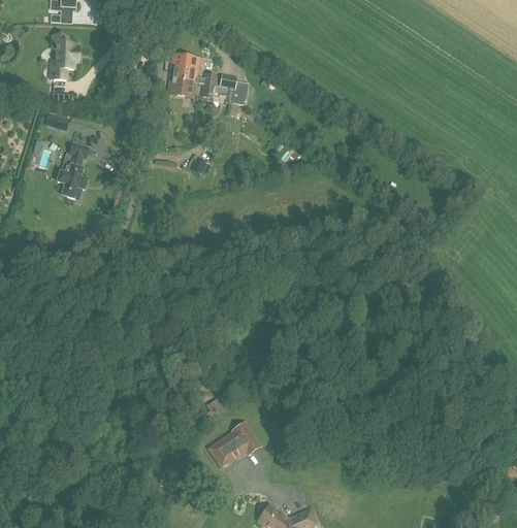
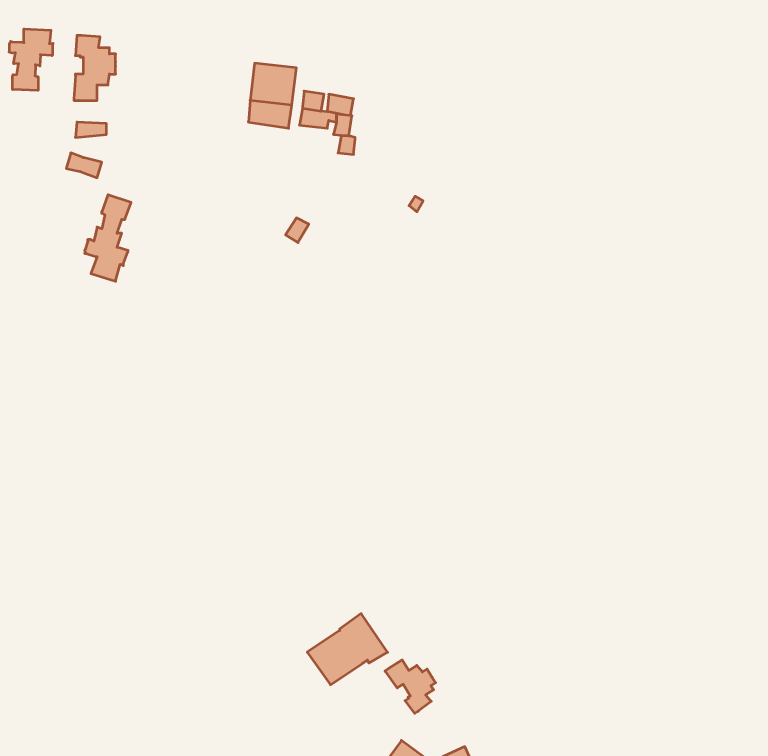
building: none -> [9,29,53,90]
building: none -> [385,660,436,713]

